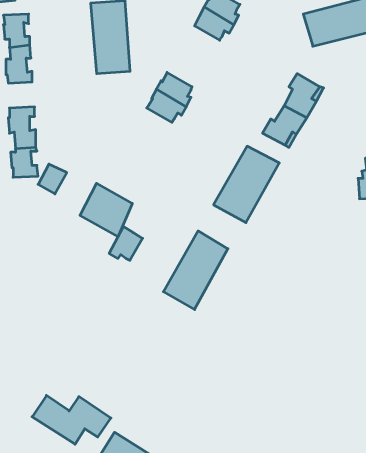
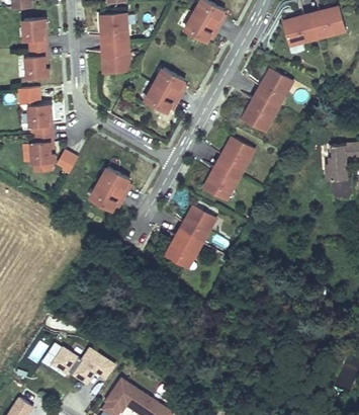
building: [109,227,143,260] -> none

